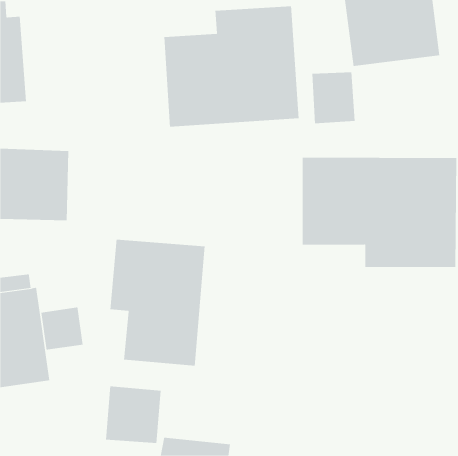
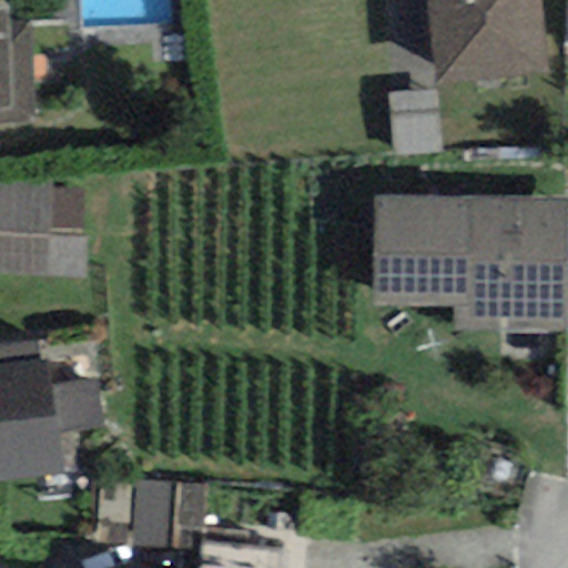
building: [164,6,299,127] -> none
building: [110,239,205,367] -> none

